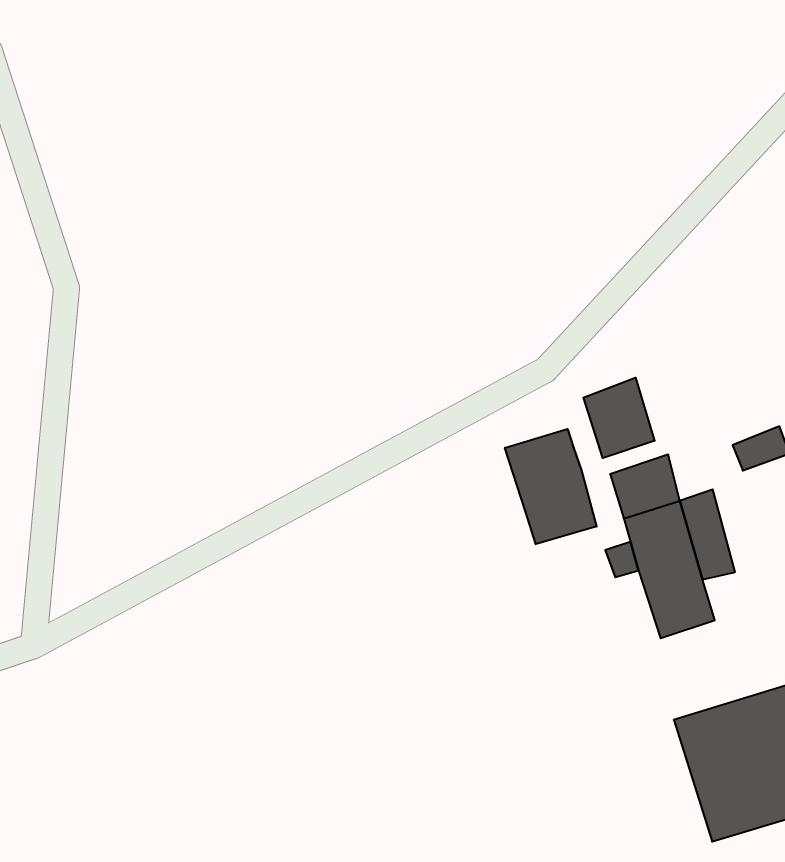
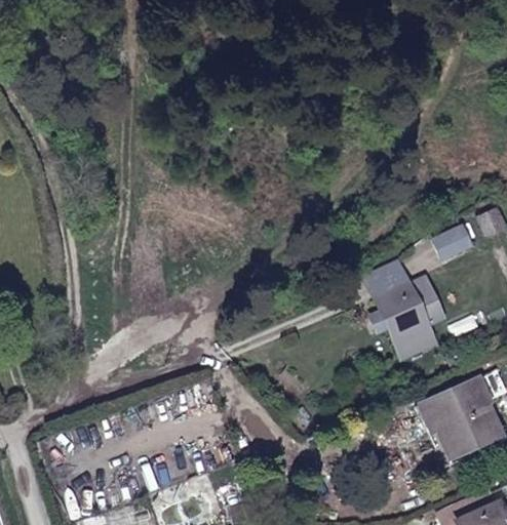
building: [583,378,655,458] -> none
building: [505,429,597,544] -> none

